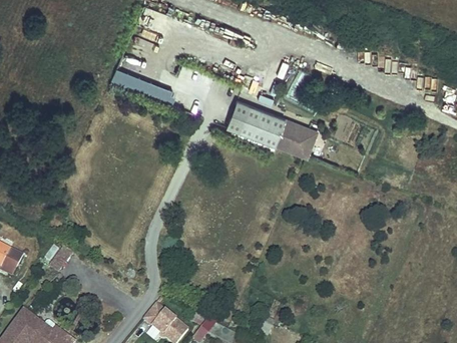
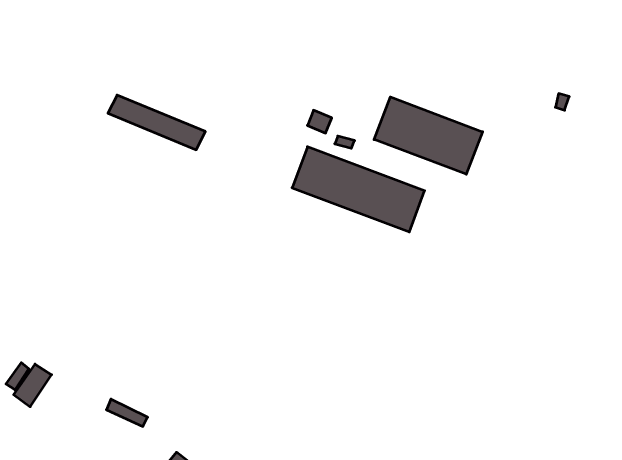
building: none -> [374,97,483,174]

